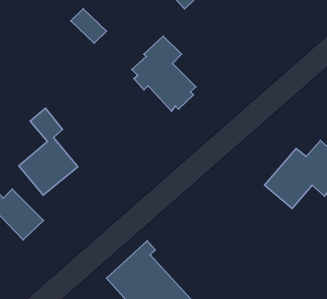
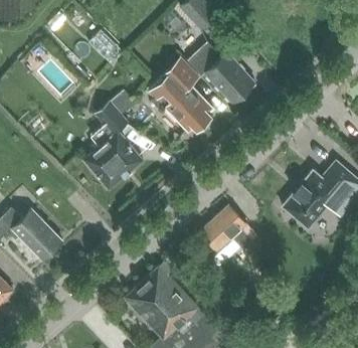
building: none -> [188,42,255,103]
building: [19,108,78,195] -> [84,102,143,188]
building: none -> [200,206,253,260]

